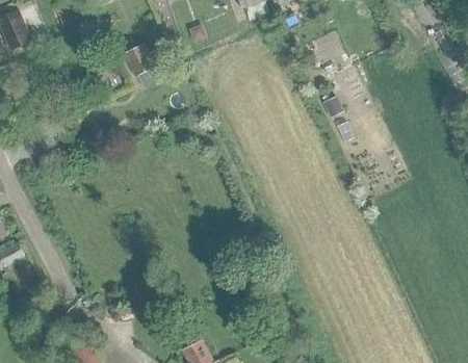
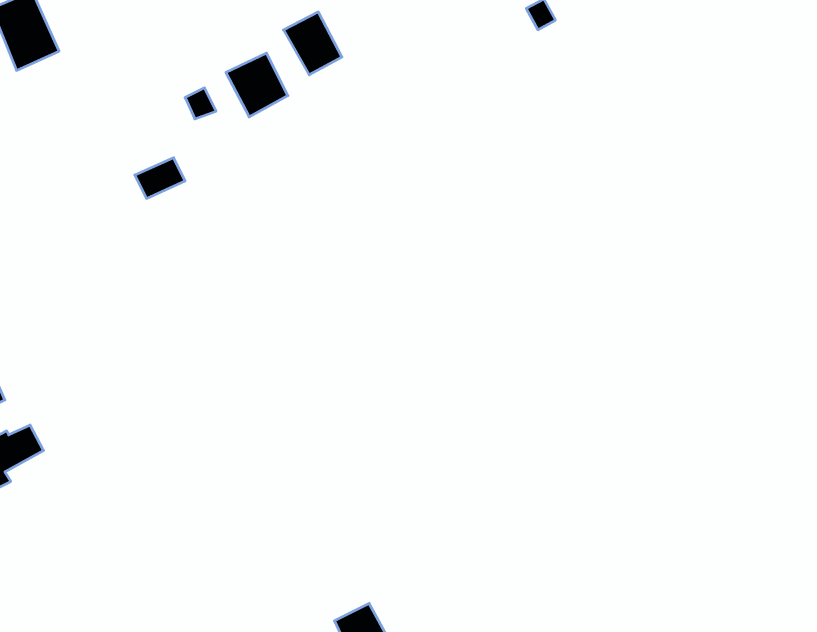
building: none -> [283,12,342,75]

